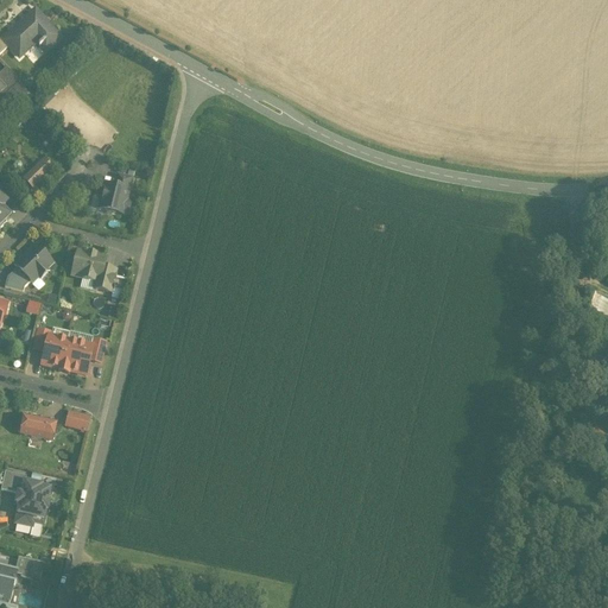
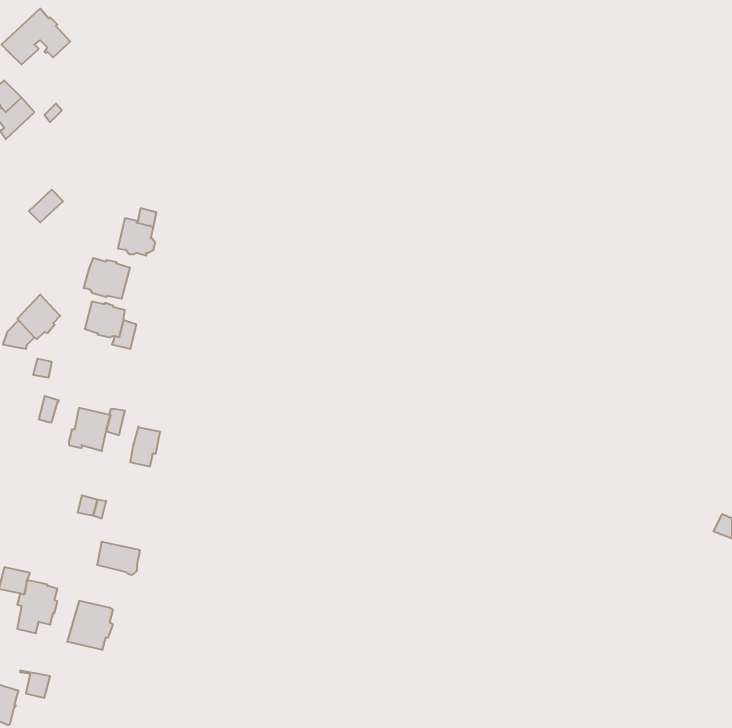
building: none -> [84,258,130,299]
building: [40,332,65,366] -> [130,426,160,466]
building: [19,412,55,439] -> [97,542,140,575]
building: none -> [67,601,113,650]

